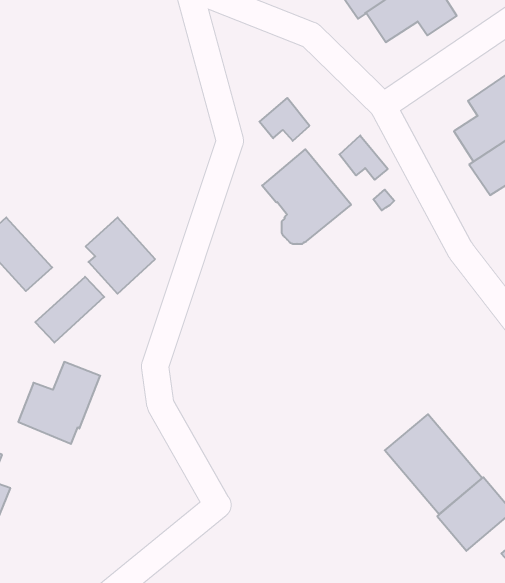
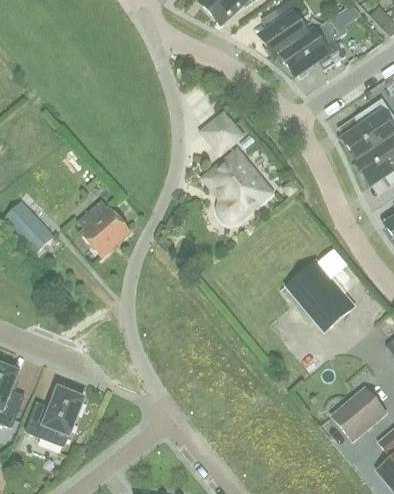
building: [339,135,388,180] -> none
building: [35,277,104,343] -> none
building: [18,362,100,444] -> [25,387,84,446]
building: [385,414,482,514] -> [286,257,356,329]

